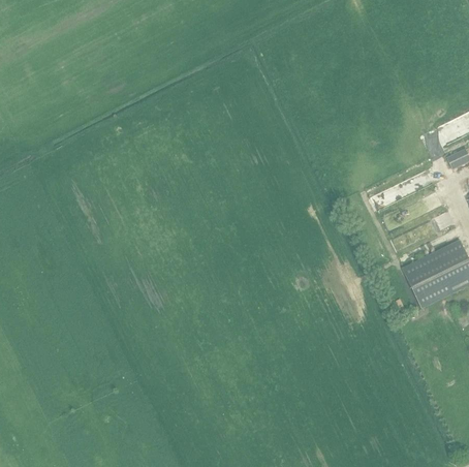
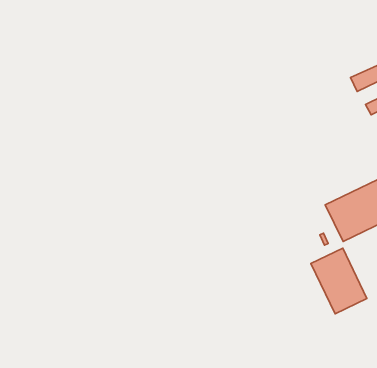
building: none -> [311,248,367,314]

